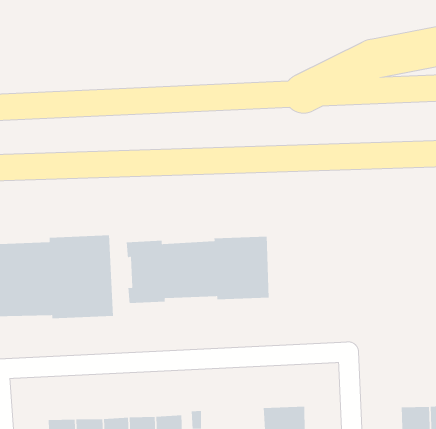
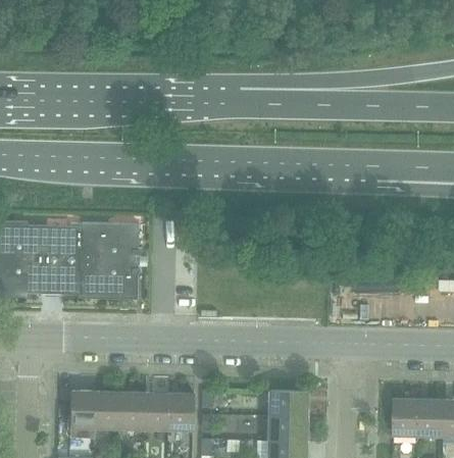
building: [126,236,270,304] -> none

